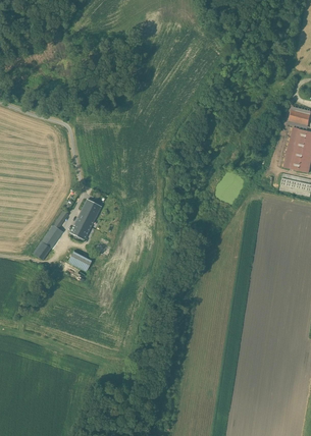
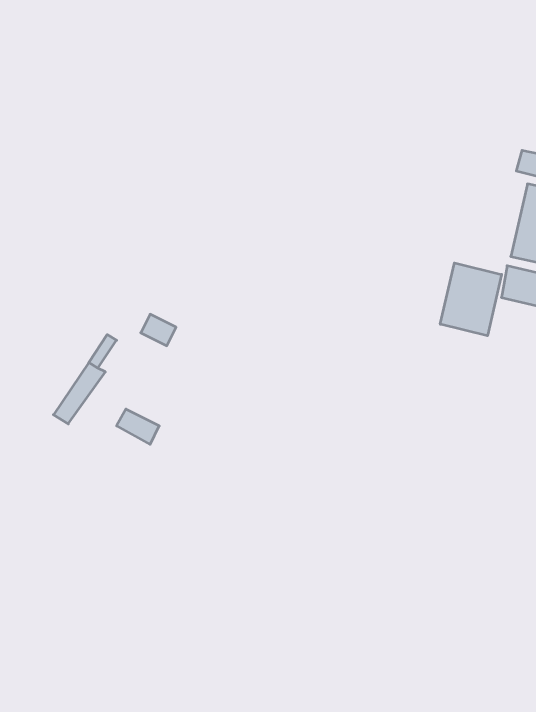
building: none -> [440,263,502,336]
building: [69,210,95,240] -> none

